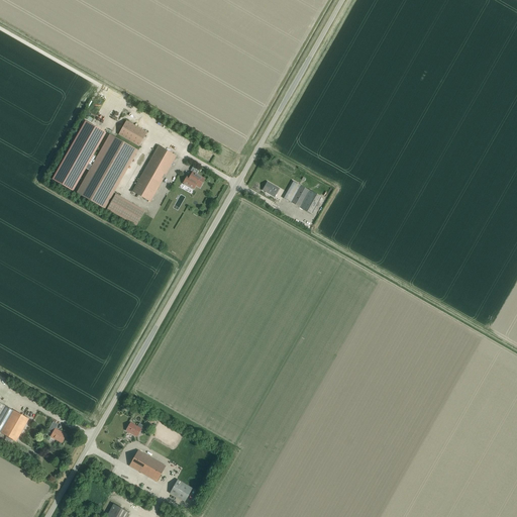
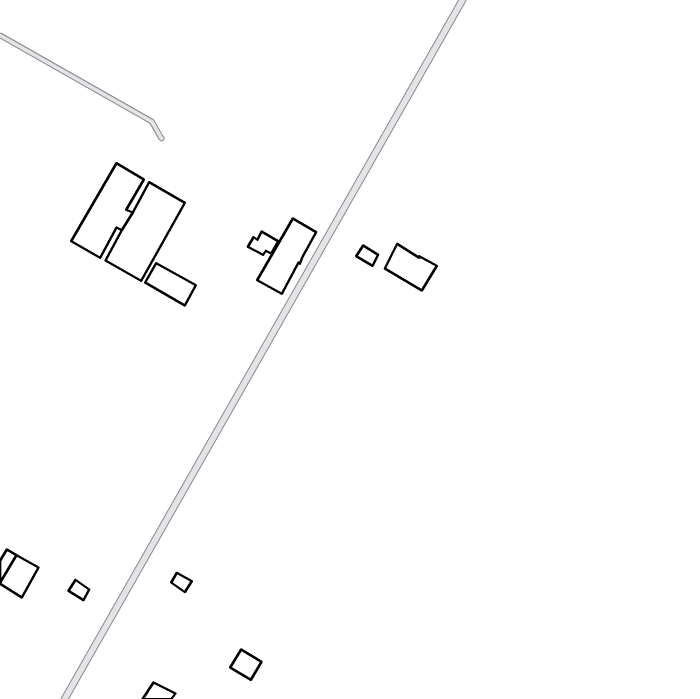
building: [118,120,146,145] -> none
building: [132,145,176,201] -> [257,219,316,294]
building: [129,449,166,481] -> none

